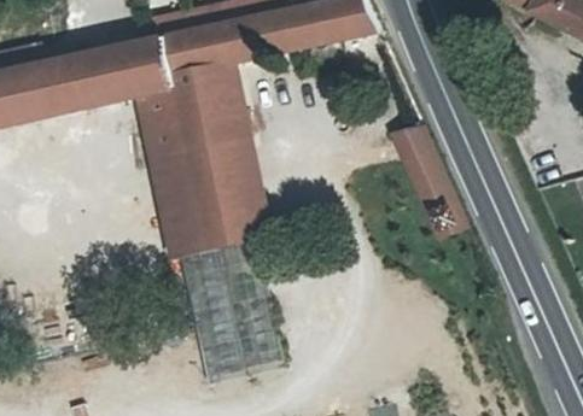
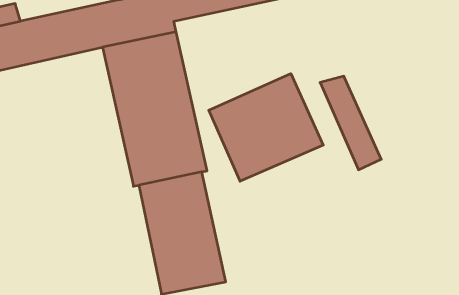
building: none -> [209,74,323,181]

